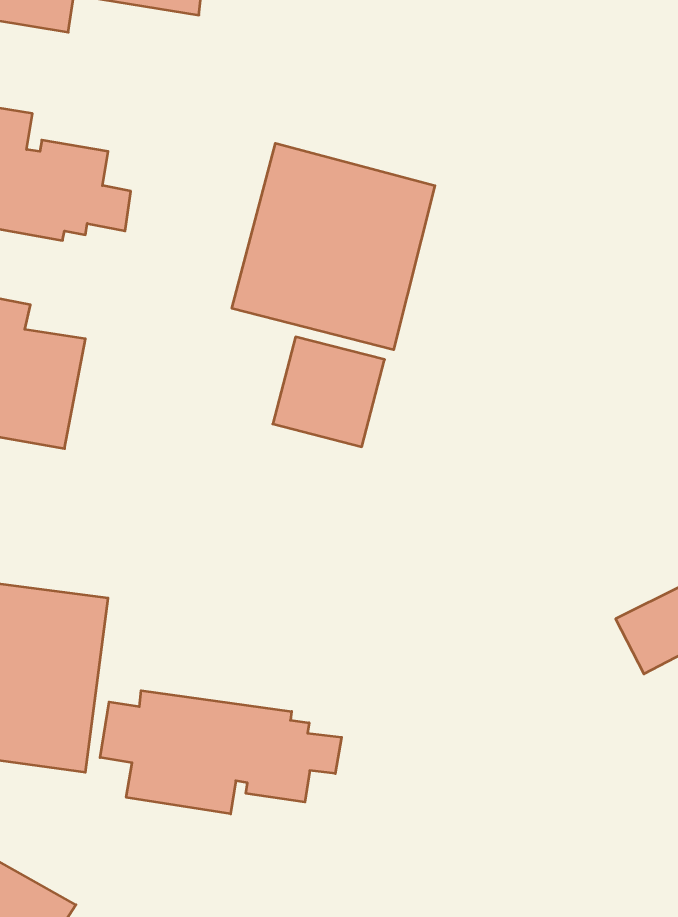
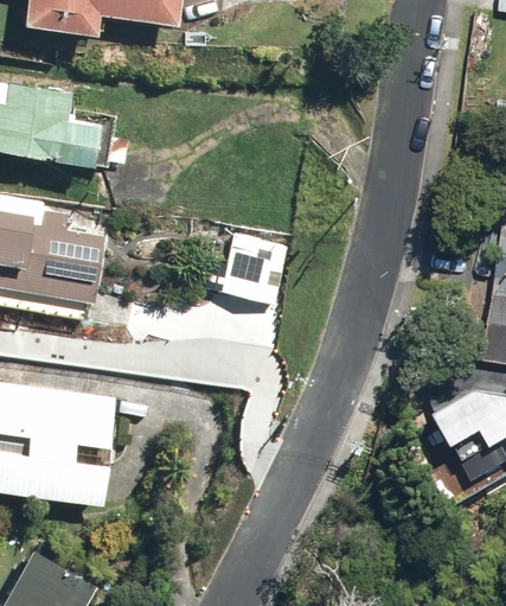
building: [232,143,435,350] -> none
building: [100,691,342,814] -> none

